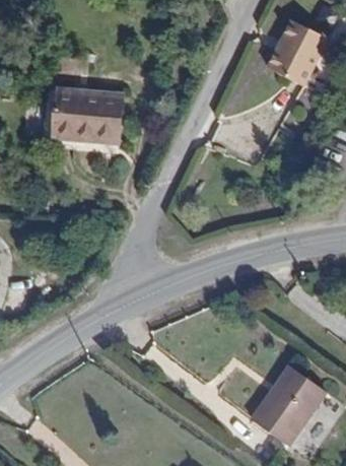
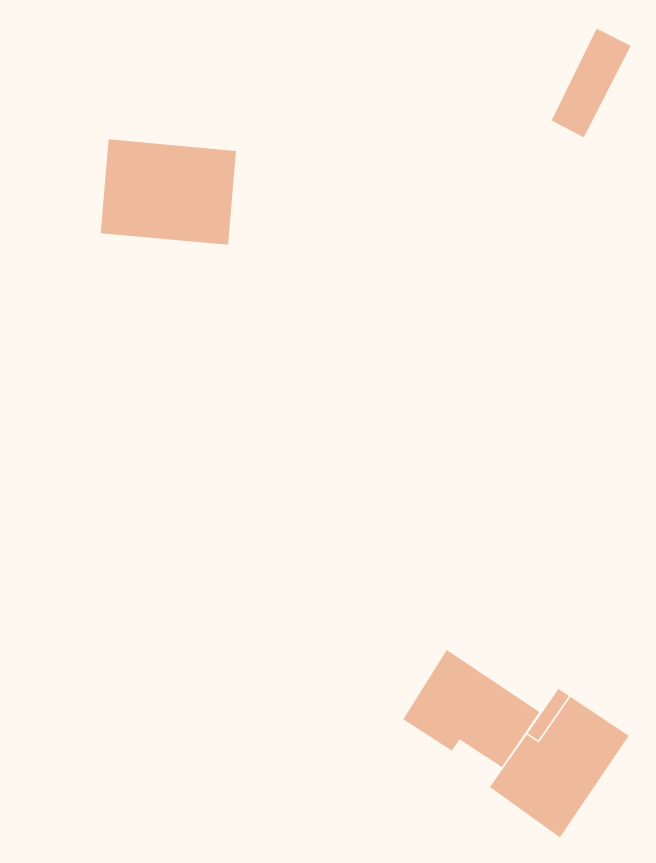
building: [266,21,306,78] -> none
building: none -> [402,649,540,768]

